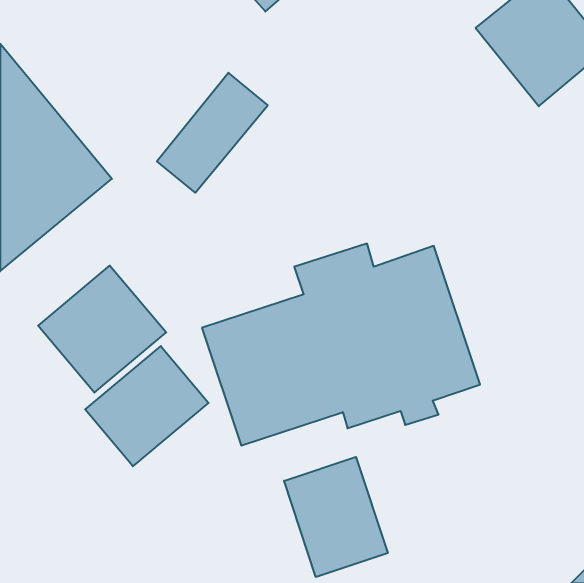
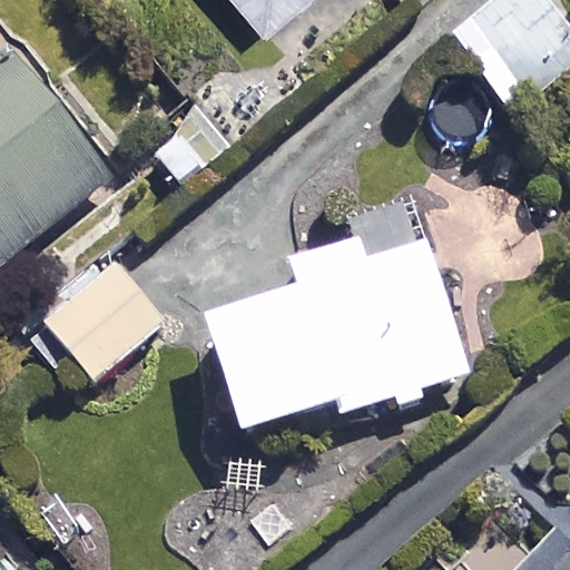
building: [85,346,209,466] -> none
building: [284,457,388,577] -> none

